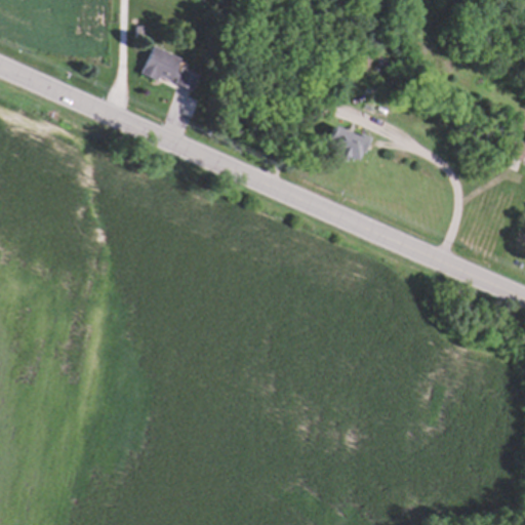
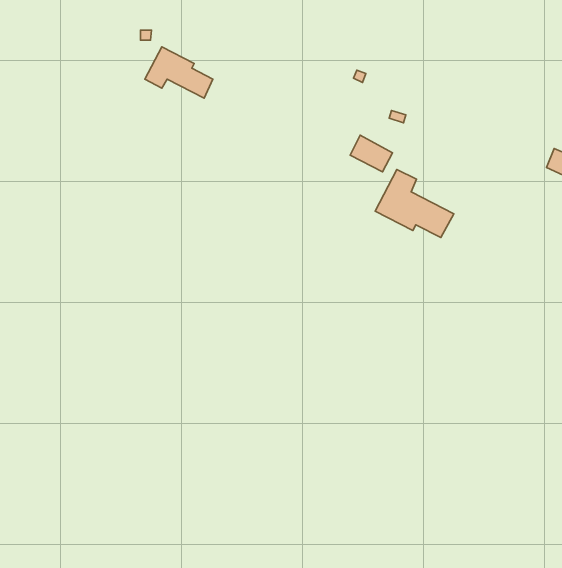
building: none -> [375,169,454,237]

